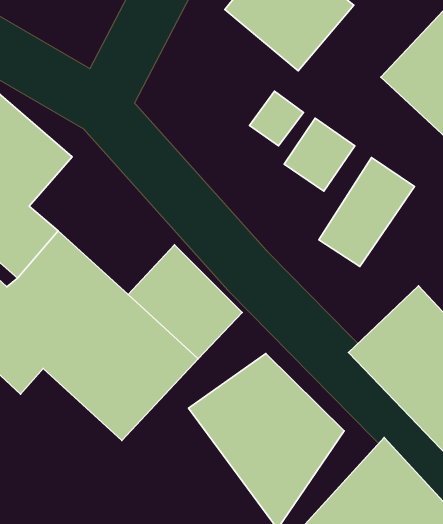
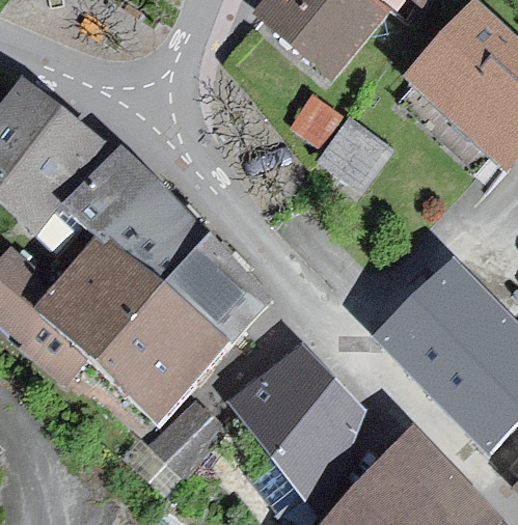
building: none -> [72,153,212,285]
building: [319,157,415,267] -> none

